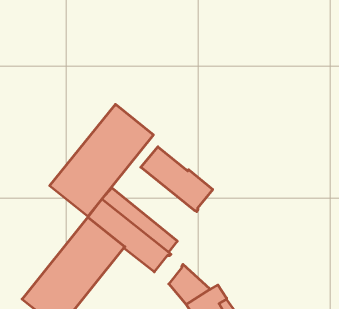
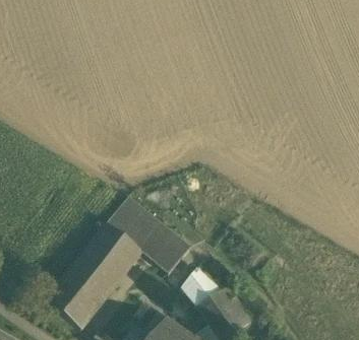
building: [50,104,153,216] -> none
building: [141,147,213,212] -> none

